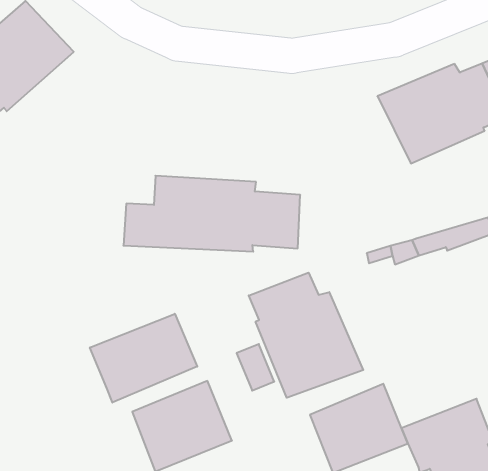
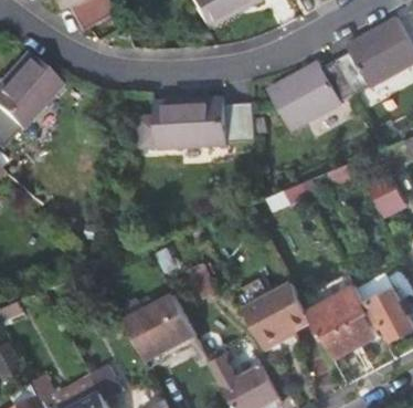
building: [123,176,300,252] -> [138,95,257,148]
building: [249,273,363,398] -> none
building: [90,314,197,403] -> none

